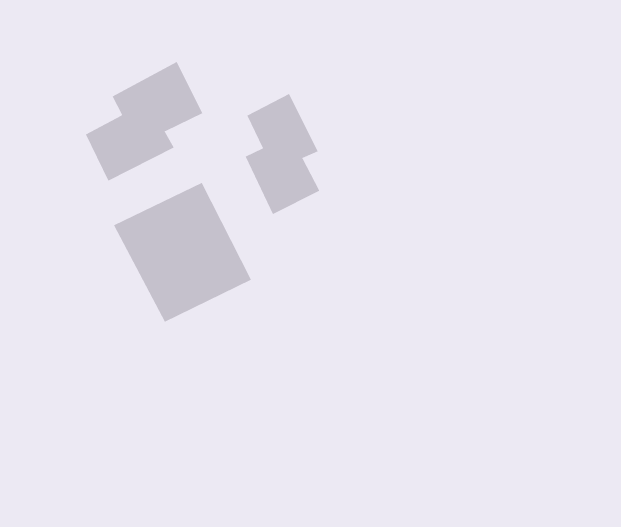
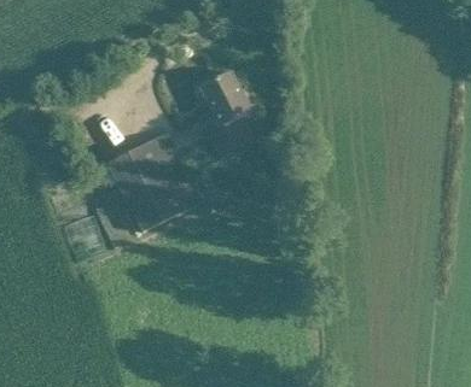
building: [85,61,203,181] -> none

